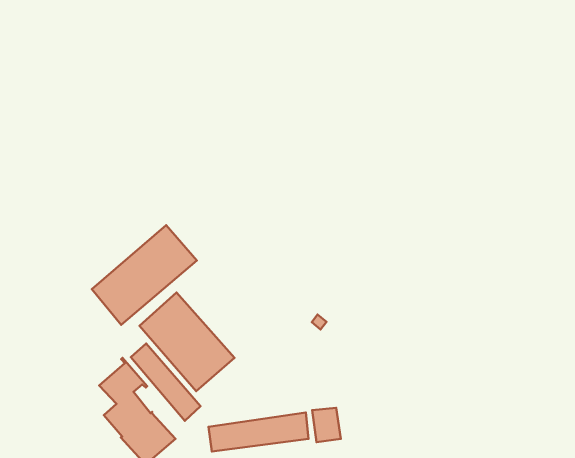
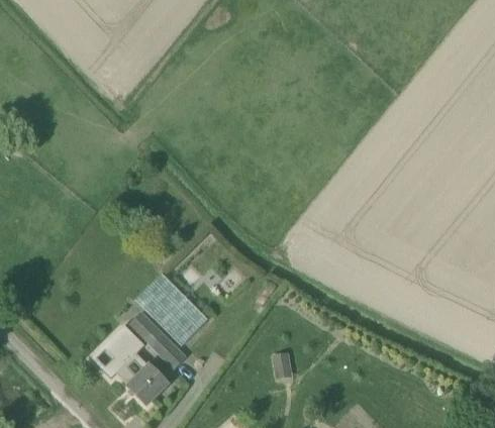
building: [92,225,197,325] -> none
building: [209,412,308,452] -> none

